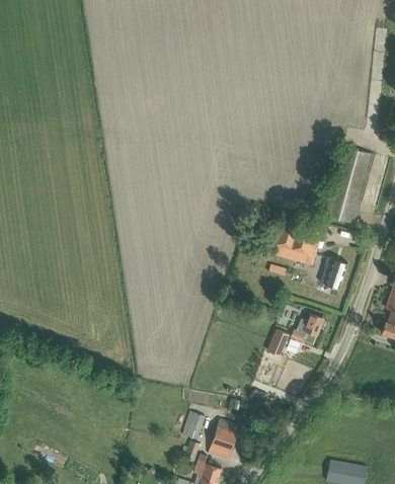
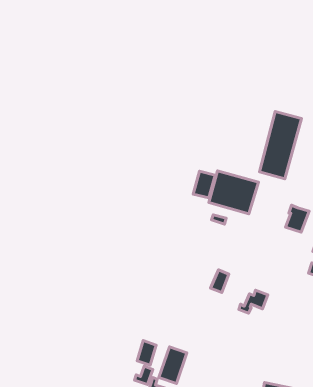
building: none -> [193,171,215,198]
building: [320,258,347,290] -> [285,205,309,232]
building: [290,315,323,341] -> [239,290,268,313]

